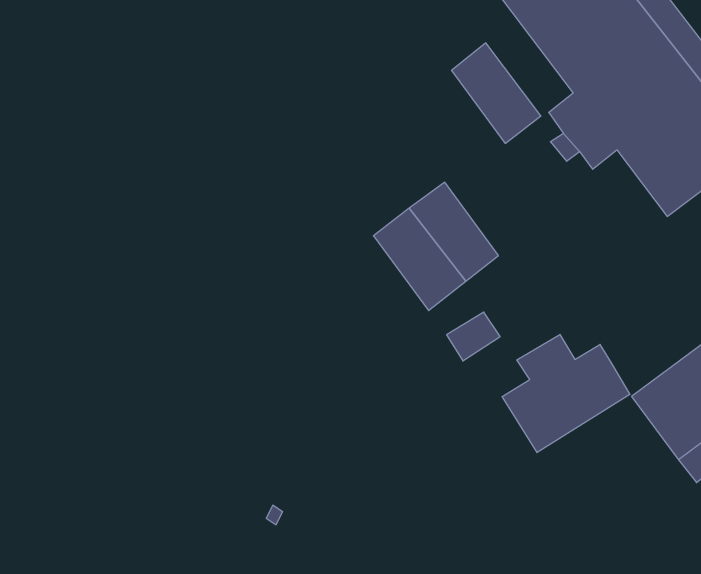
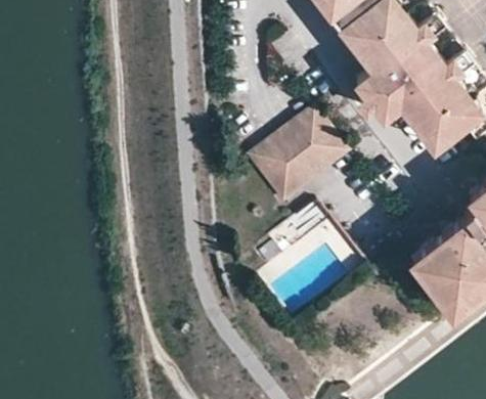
building: [452,43,541,143] -> [286,109,343,173]
building: [502,334,630,453] -> none

